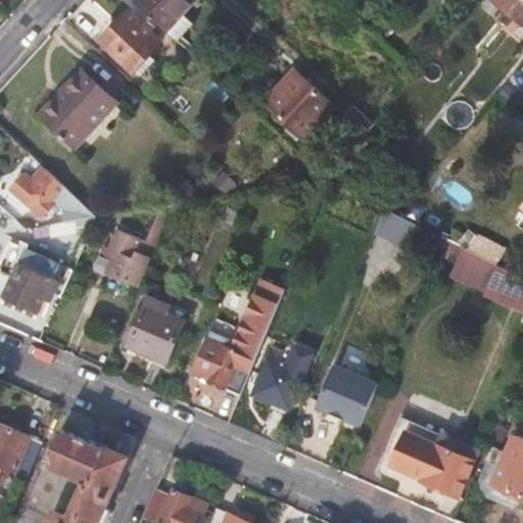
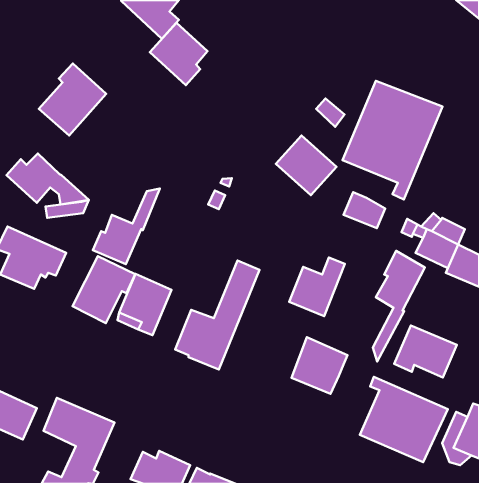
building: [98,11,160,79] -> [150,23,208,85]
building: [265,74,330,138] -> [276,135,336,195]
building: none -> [343,81,442,199]
building: none -> [373,251,425,362]
building: none -> [73,256,135,323]
building: [250,346,311,410] -> [289,257,345,316]
building: none -> [394,326,457,377]

